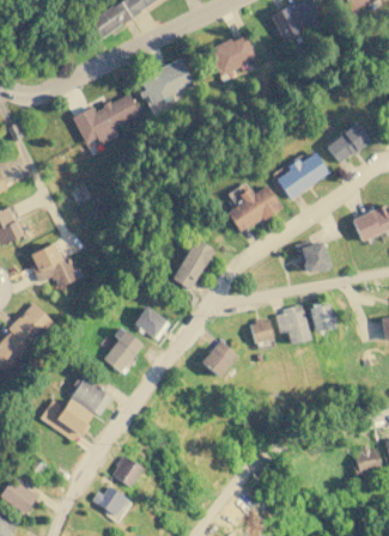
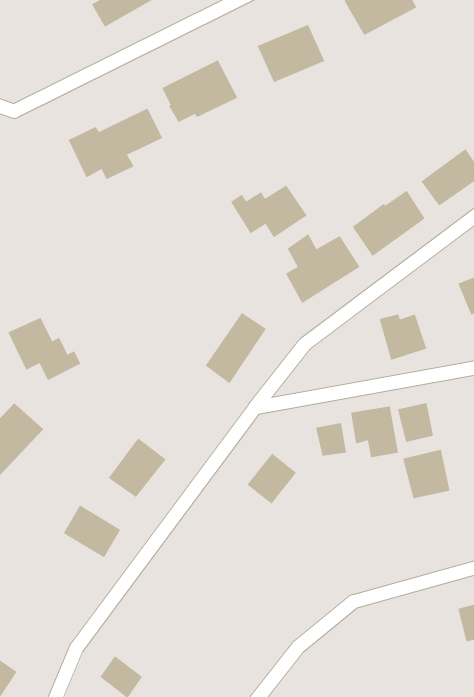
building: none -> [230,185,307,238]
building: [134,306,168,337] -> none
building: none -> [402,449,450,499]
building: [41,398,93,441] -> none
building: [111,456,142,487] -> none

